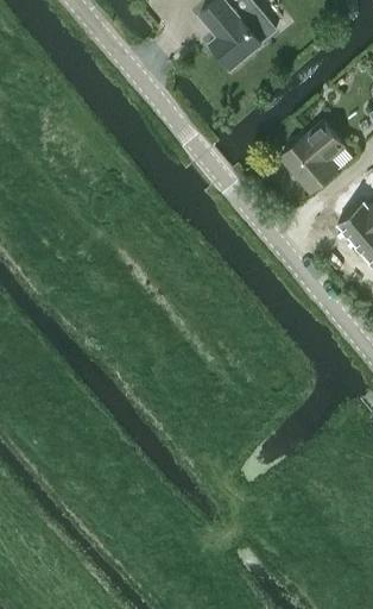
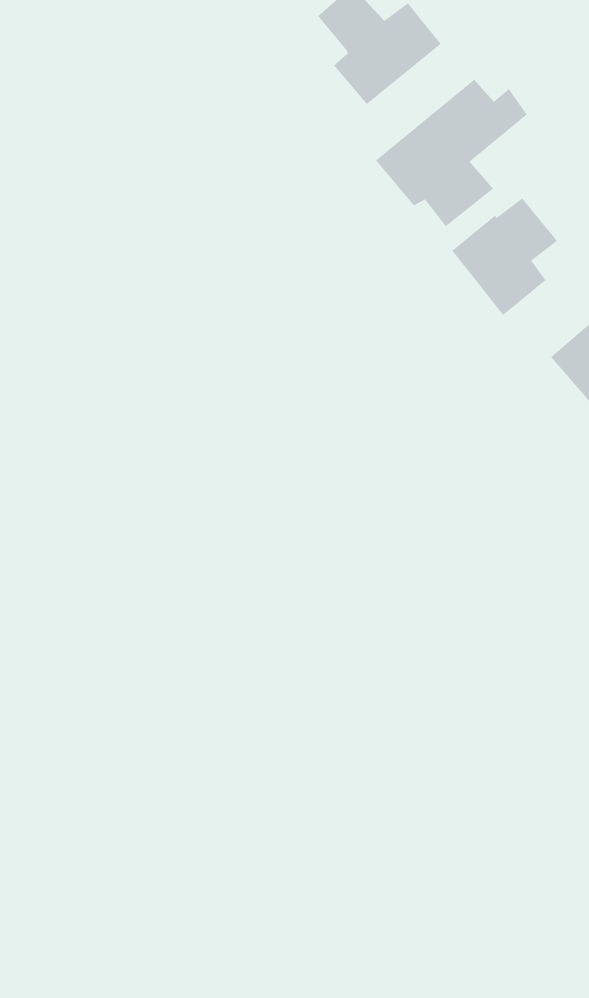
building: none -> [375,79,528,227]

